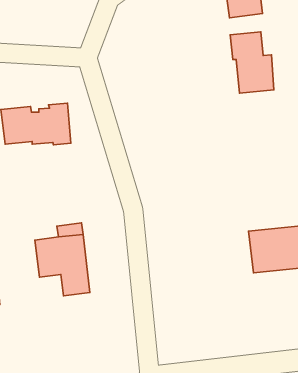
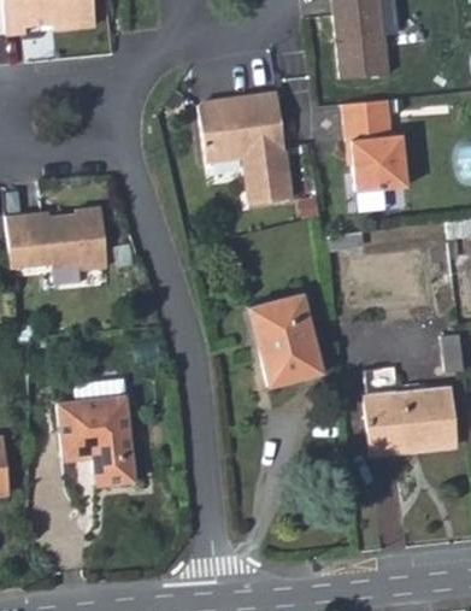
building: none -> [198,90,295,202]
building: none -> [249,289,320,383]

